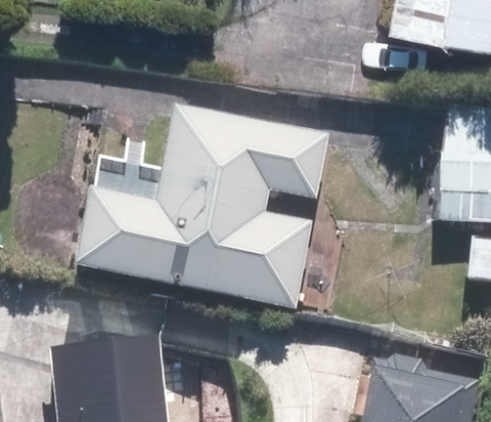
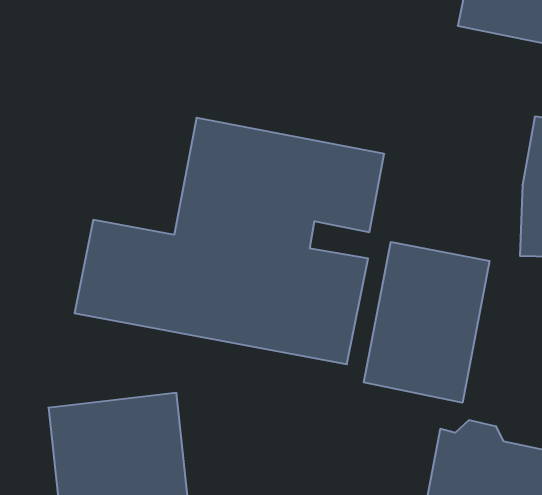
building: none -> [364,242,490,403]

